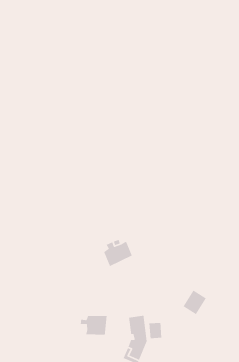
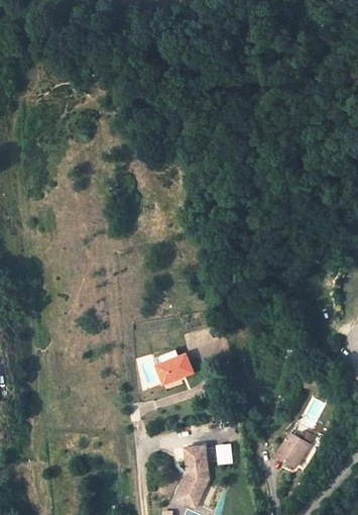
building: [183,289,207,315] -> [278,432,309,465]
building: [80,315,108,335] -> none

